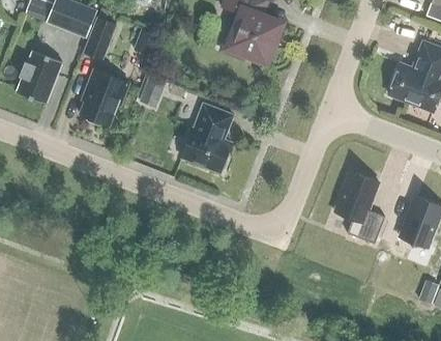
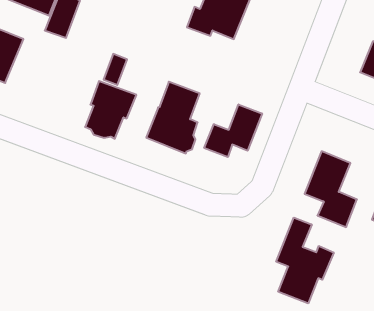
building: [80,68,129,124] -> [85,81,136,139]
building: none -> [204,104,262,157]
building: none -> [276,218,334,303]

